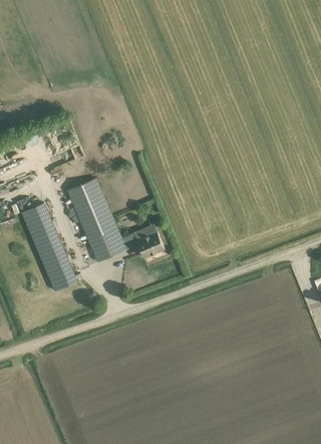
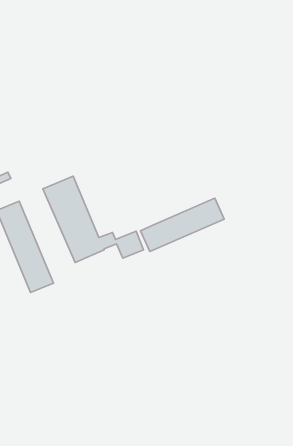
building: none -> [140,198,224,252]

